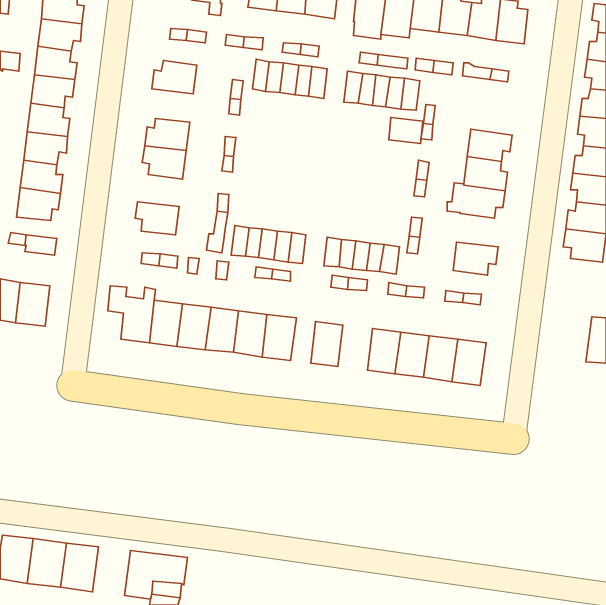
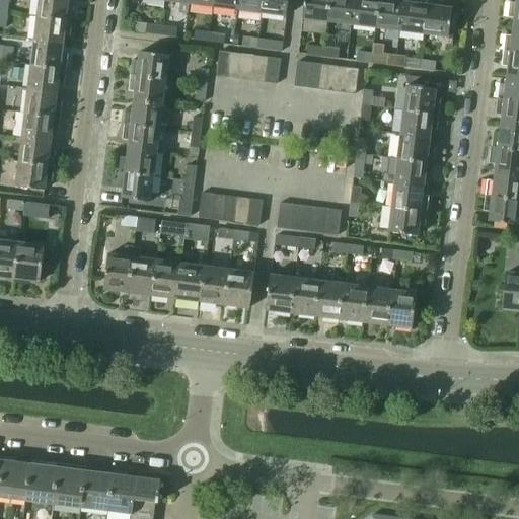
building: none -> [129,76,165,104]
building: none -> [402,85,440,116]
building: [389,118,423,144] -> none
building: none -> [118,149,156,176]
building: none -> [390,182,428,211]
building: none -> [289,278,318,316]
building: none -> [79,467,112,509]

